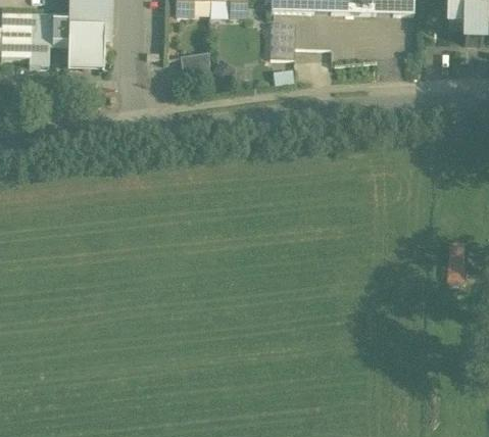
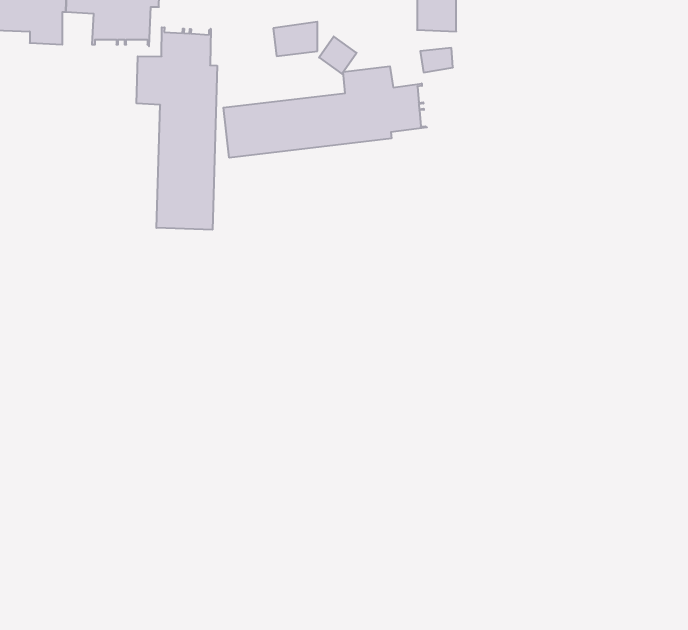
building: none -> [137,27,217,230]
building: none -> [223,66,427,158]

